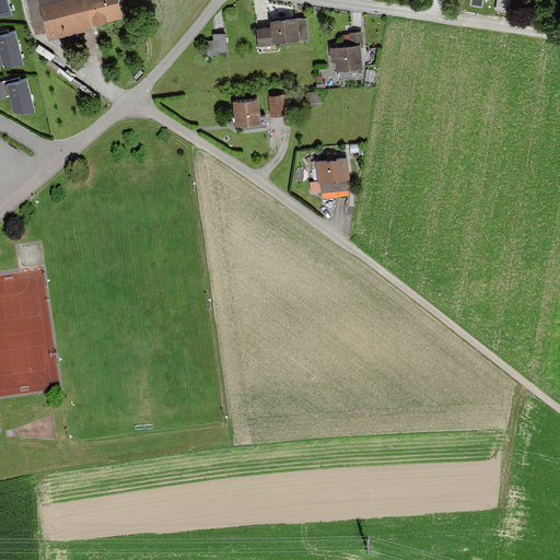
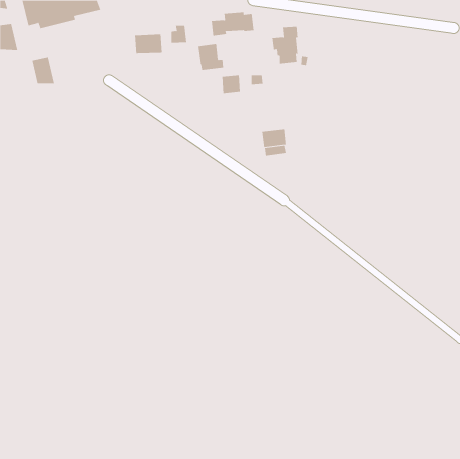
building: none -> [135,33,162,54]
building: [5,78,34,110] -> [31,57,55,84]
building: [233,96,266,129] -> [197,43,224,70]

